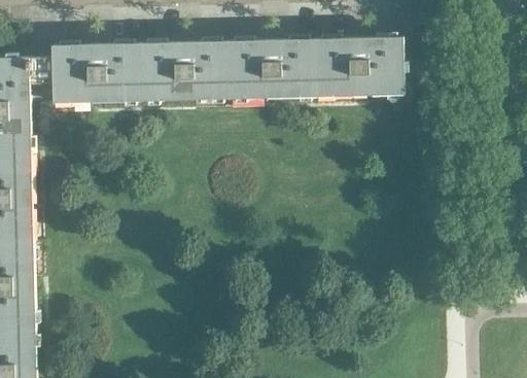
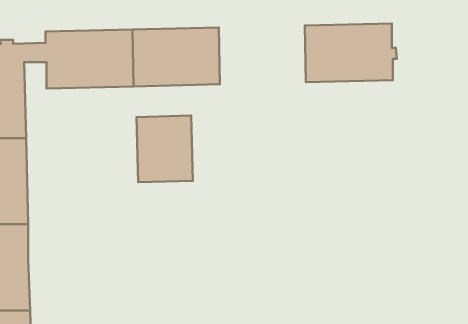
building: [226,39,315,99] -> none
building: none -> [137,115,193,182]

